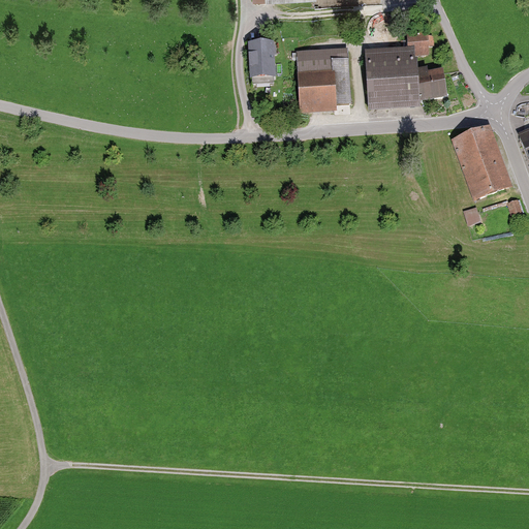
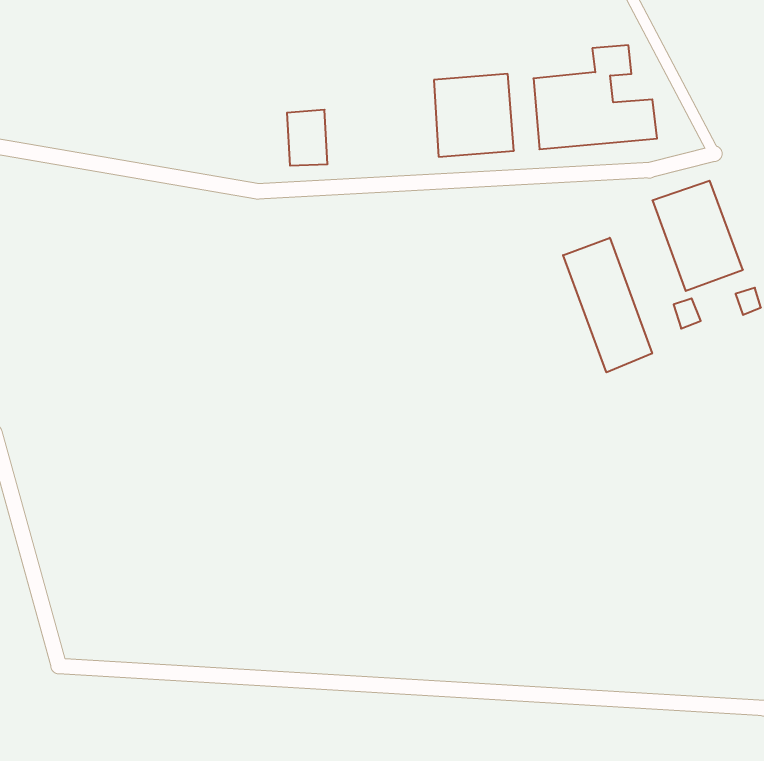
building: [245,39,273,77] -> [287,110,328,166]
building: none -> [563,238,652,372]

